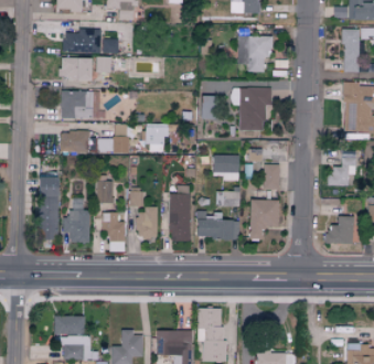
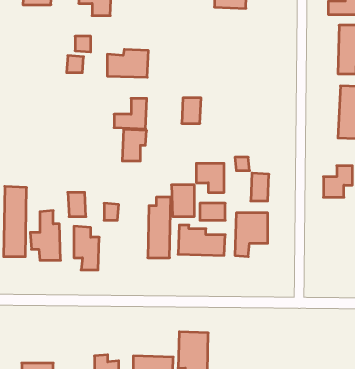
building: [64,28,101,53] -> [107,49,148,77]
building: [238,35,269,72] -> none
building: [63,57,92,79] -> none
building: [232,87,273,130] -> none
building: [62,90,94,119] -> none
building: [99,125,129,152] -> [114,98,147,129]
building: [61,130,90,152] -> none
building: [137,208,158,237] -> [171,185,194,216]
building: [328,216,354,244] -> none
building: [54,315,85,334] -> none

